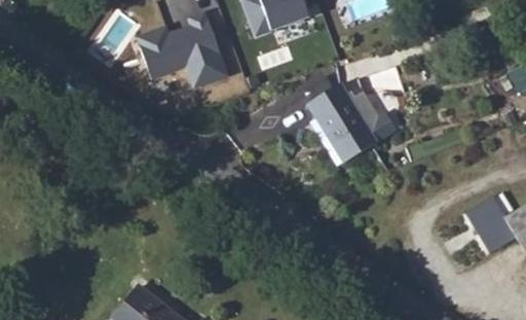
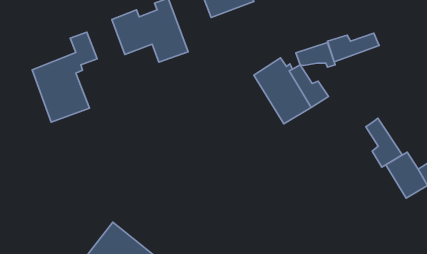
building: none -> [32,32,97,122]
building: none -> [327,33,379,62]
building: none -> [366,118,402,167]

